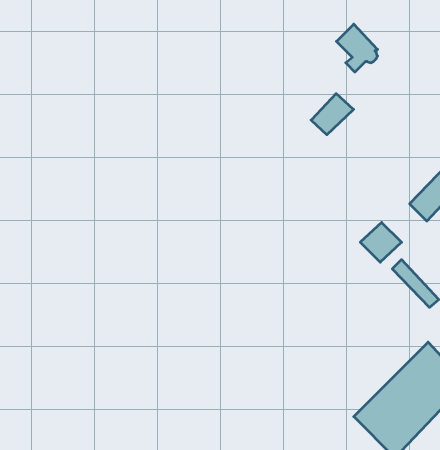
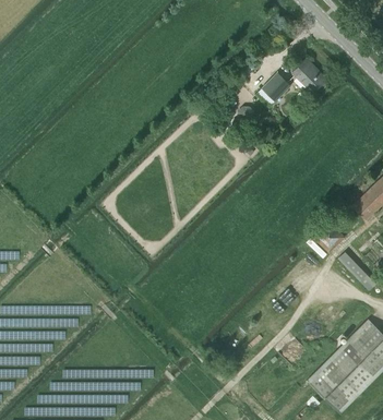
building: [311,94,354,135] -> [256,72,291,106]

